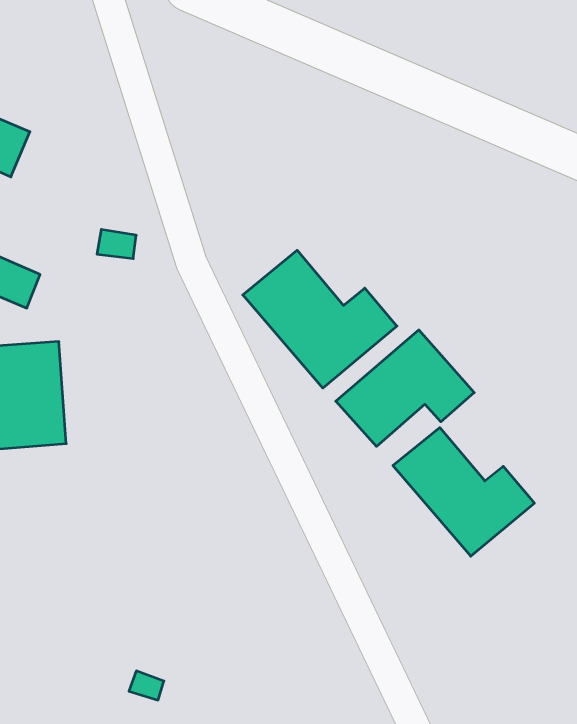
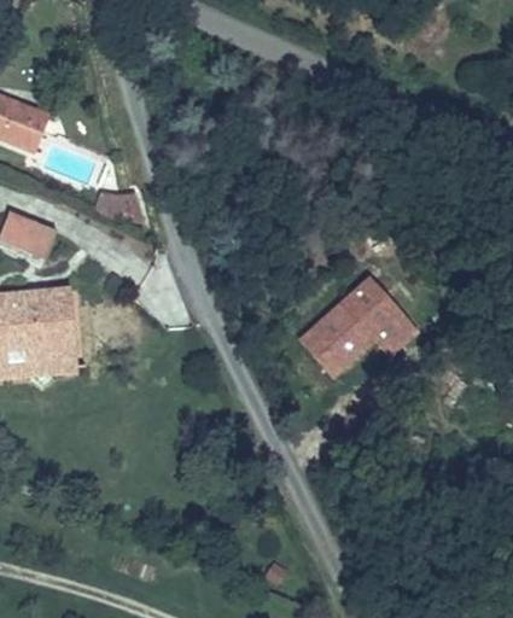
building: [243,250,397,388] -> none
building: [393,428,534,556] -> none

